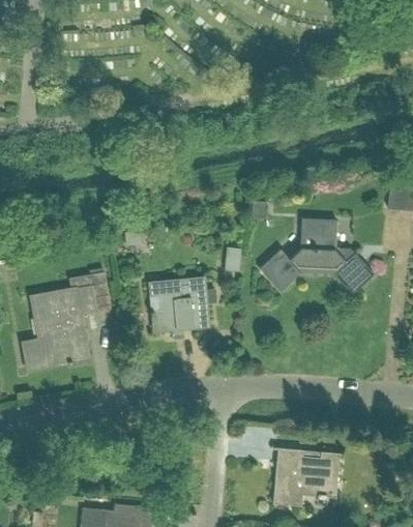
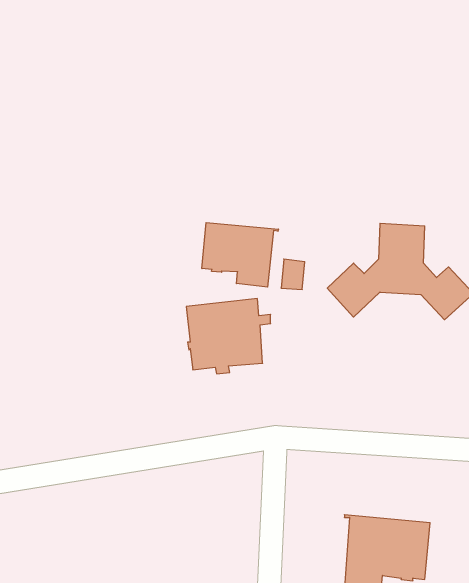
building: none -> [202,223,278,287]
building: [28,271,106,367] -> none

